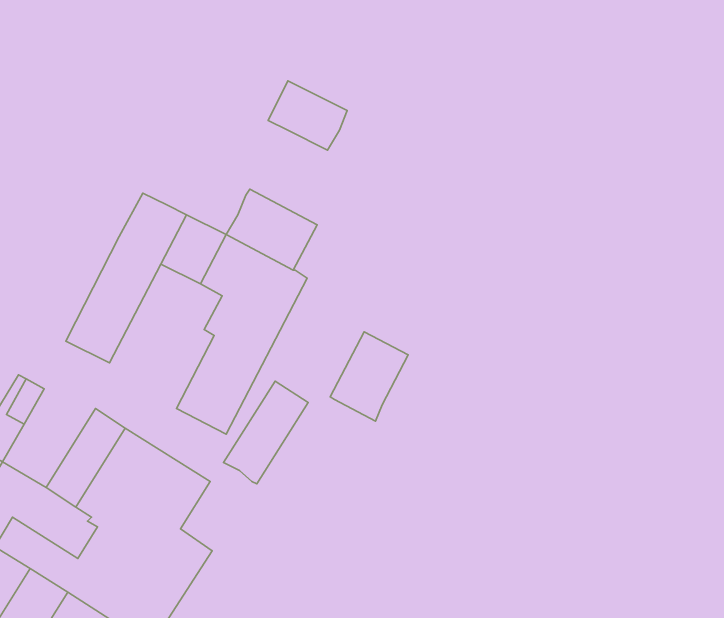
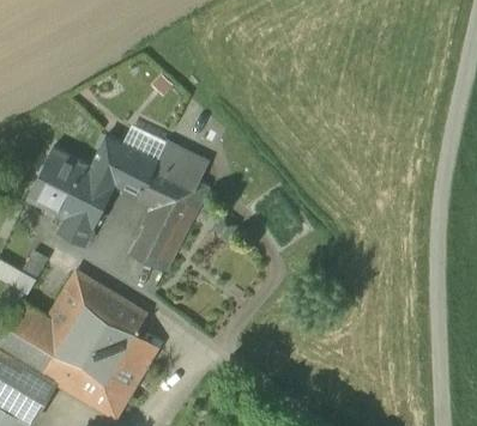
building: [268,81,347,150] -> [121,124,169,166]
building: none -> [30,150,92,219]
building: [330,332,408,421] -> none
building: [224,381,308,484] -> none

